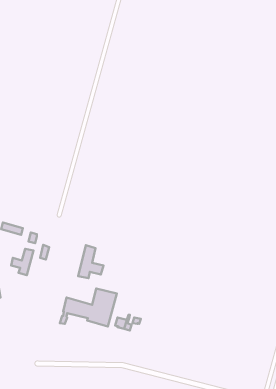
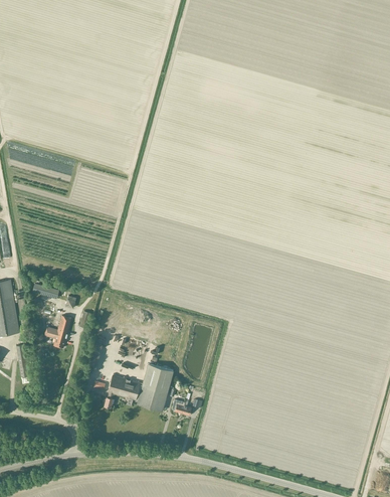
building: [78,245,103,278] -> none

